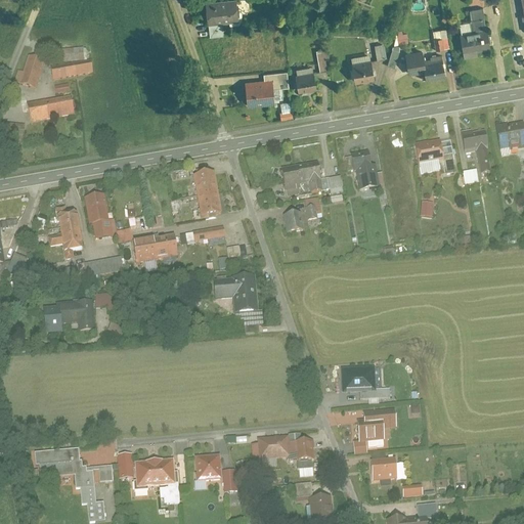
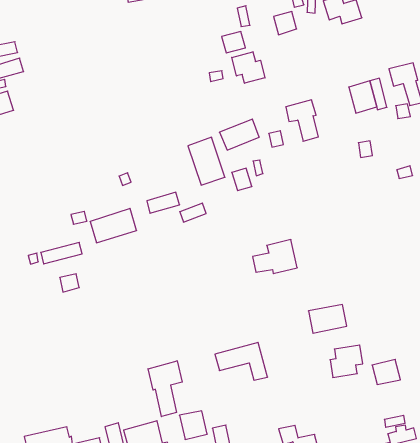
building: [247,78,274,100] -> none
building: none -> [232,52,265,83]
building: [192,171,225,218] -> [188,137,225,185]
building: [84,198,114,239] -> none
building: [49,206,82,257] -> none
building: [212,274,256,306] -> [253,240,297,274]
building: [42,301,90,330] -> none
building: none -> [148,361,182,417]
building: [260,433,310,471] -> [215,342,268,380]
building: [370,457,397,480] -> [372,359,400,384]

